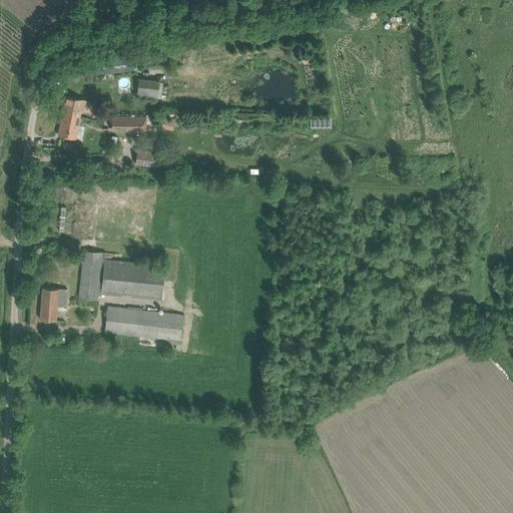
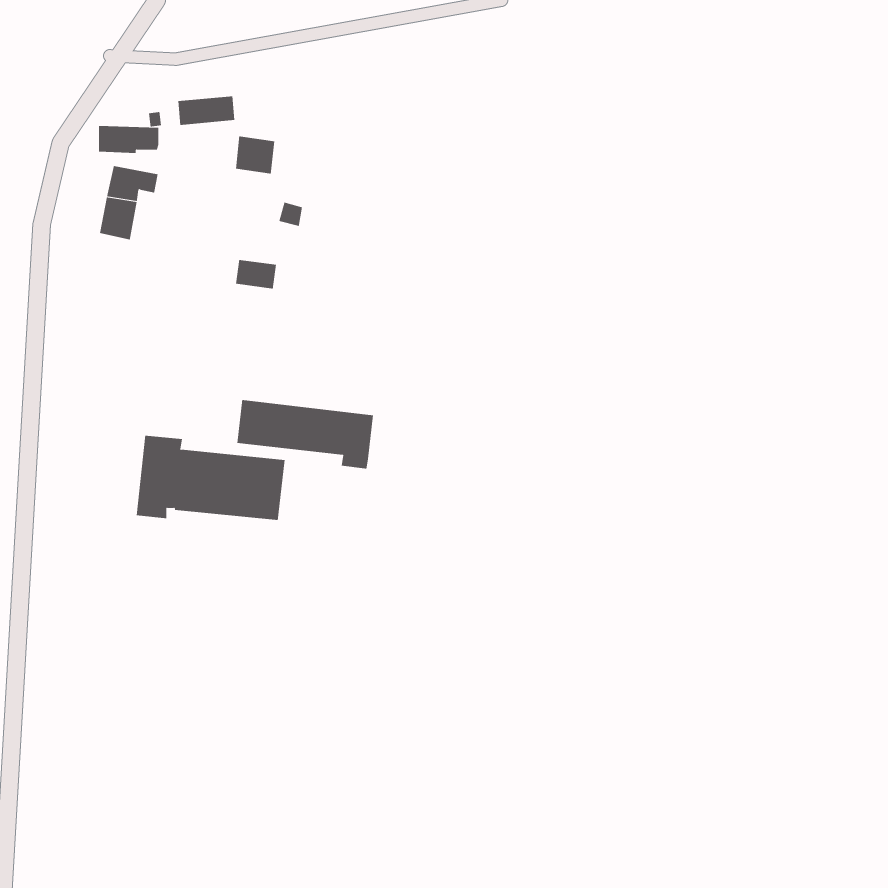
building: [110,116,145,132] -> [98,126,159,153]
building: [39,288,66,321] -> none
building: [104,307,183,347] -> [236,400,374,469]

